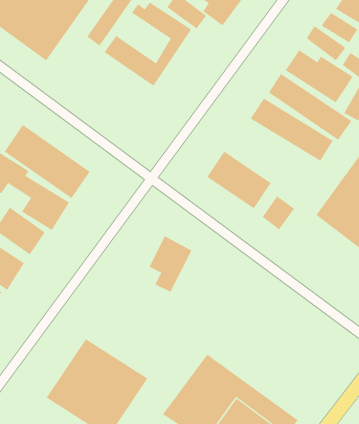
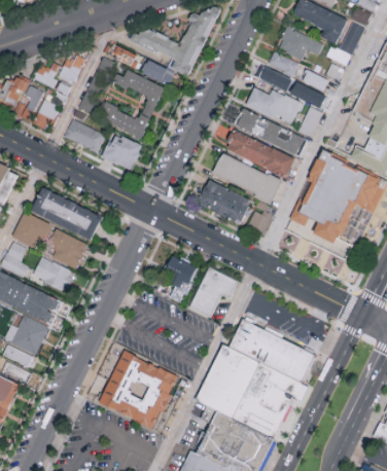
building: none -> [64,120,105,150]
building: none -> [102,133,142,171]
building: none -> [211,152,281,203]
building: none -> [189,267,237,317]
building: none -> [227,321,313,385]

